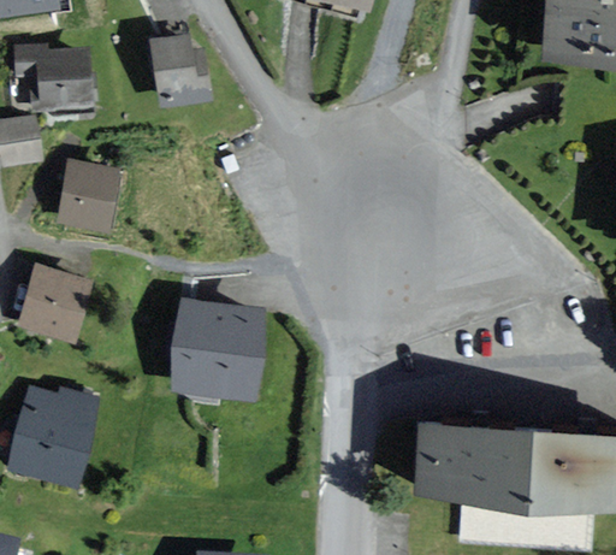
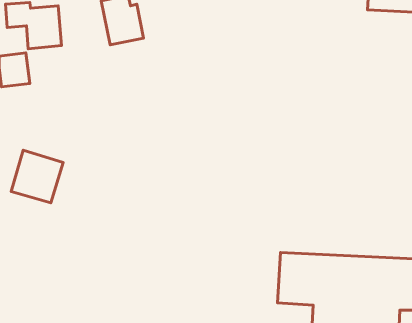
building: [58,160,120,232] -> none
building: [172,300,266,401] -> none
building: [6,388,101,489] -> none

